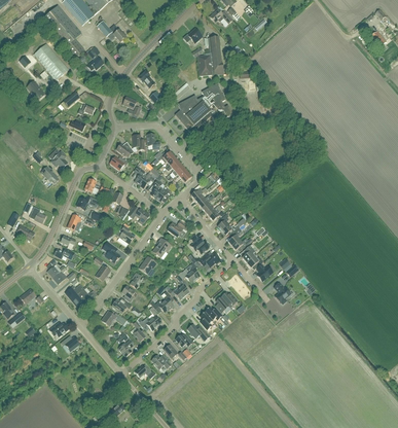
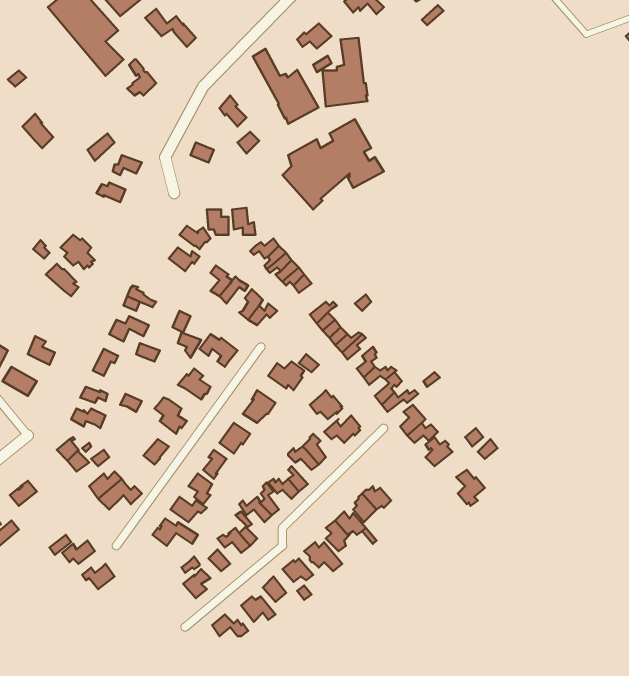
building: [34,42,69,79] -> none
building: none -> [253,49,318,124]

